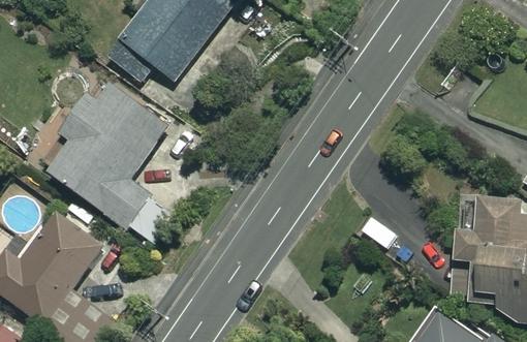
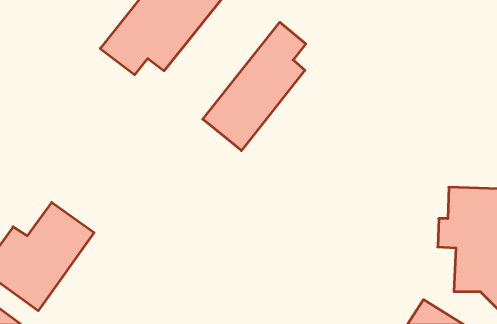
building: none -> [203,22,306,151]
building: [51,85,168,229] -> none

